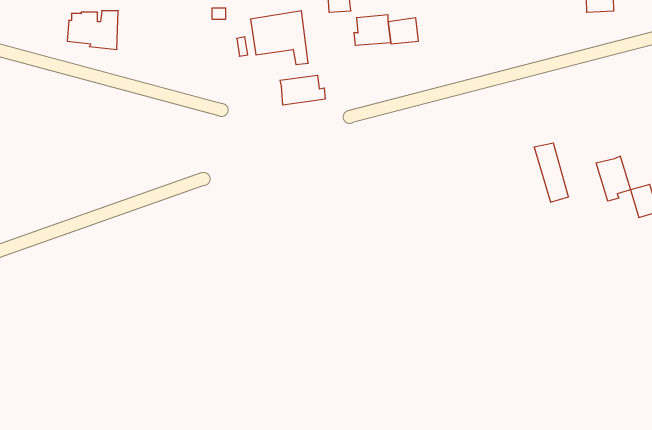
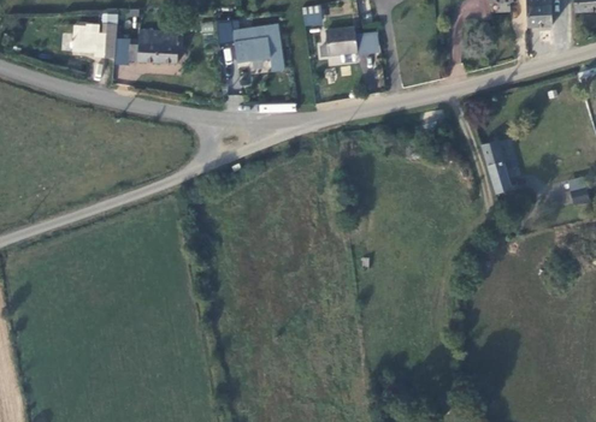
building: none -> [129,31,177,64]
building: [280,75,325,105] -> none
building: [596,156,630,201] -> none

